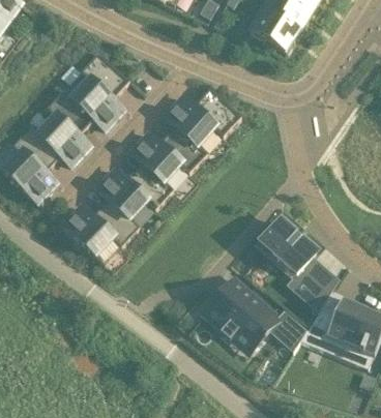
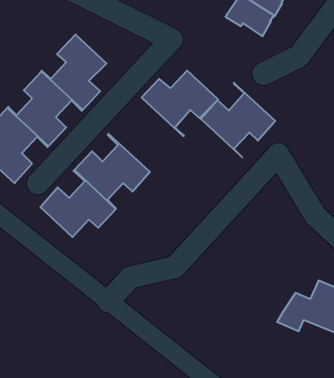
building: [131,115,206,189] -> [201,83,275,157]
building: [252,216,336,311] -> none
building: [205,279,306,351] -> none

